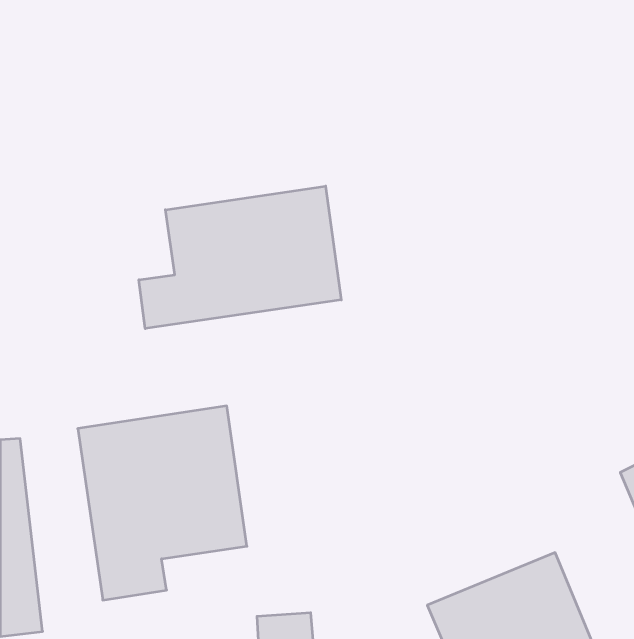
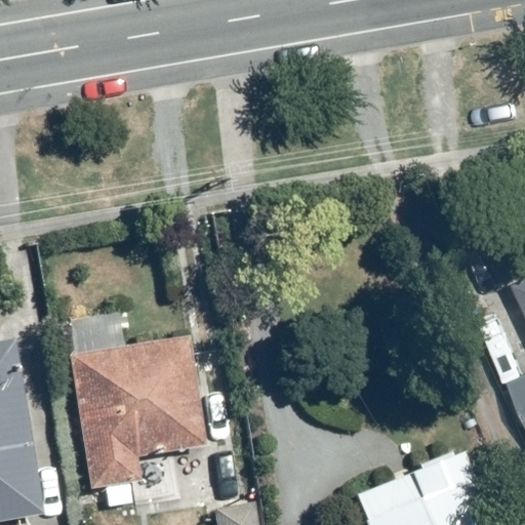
building: [139,186,341,329] -> none

